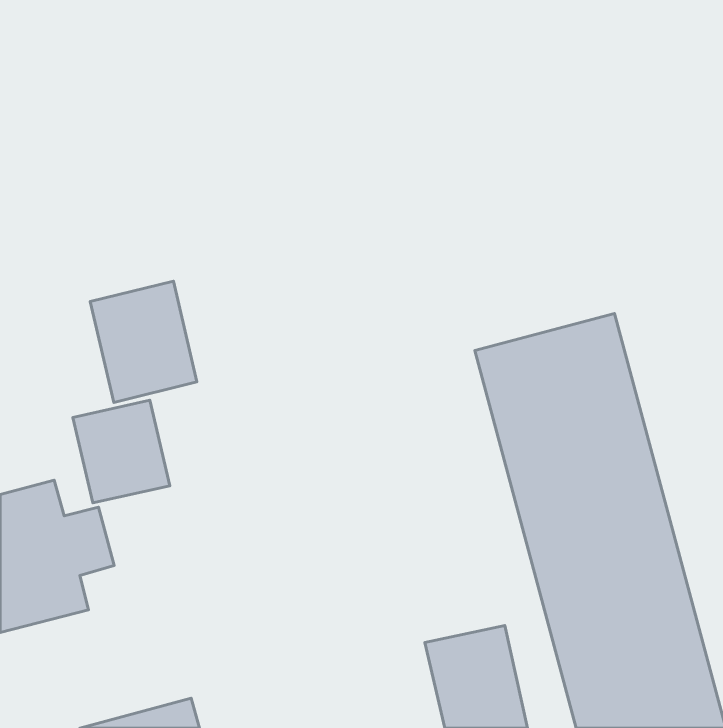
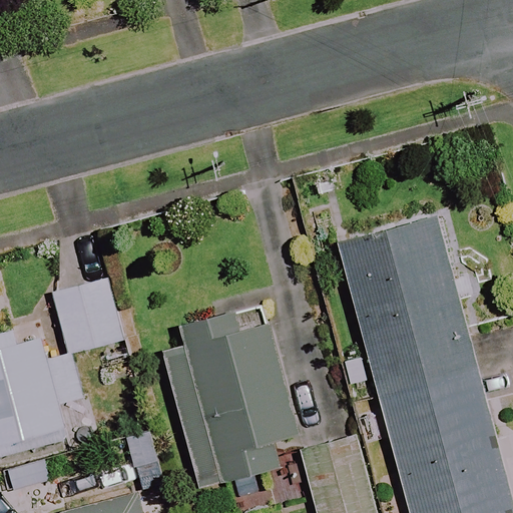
building: [90,281,197,402] -> none
building: none -> [166,304,297,489]

